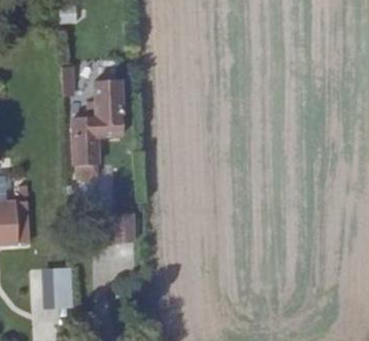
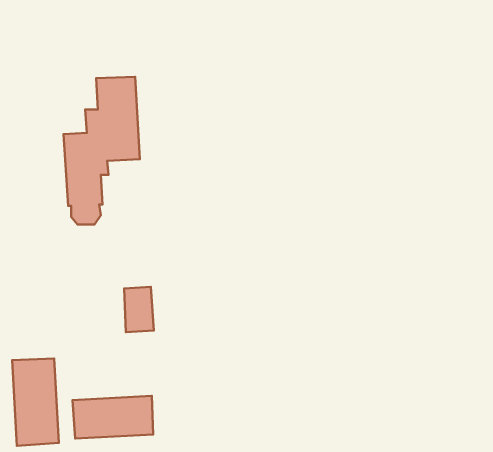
building: none -> [72,396,153,439]

